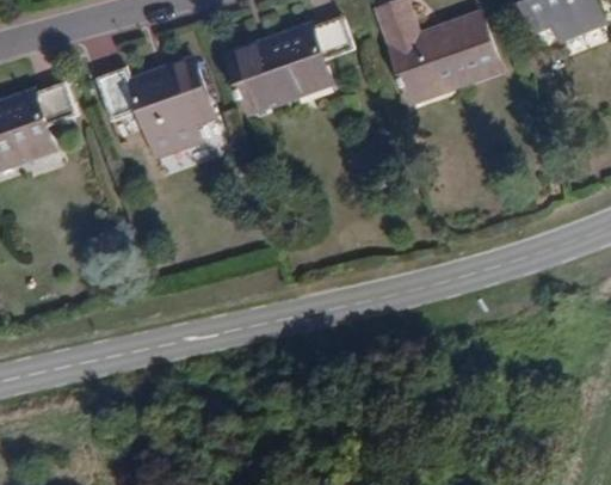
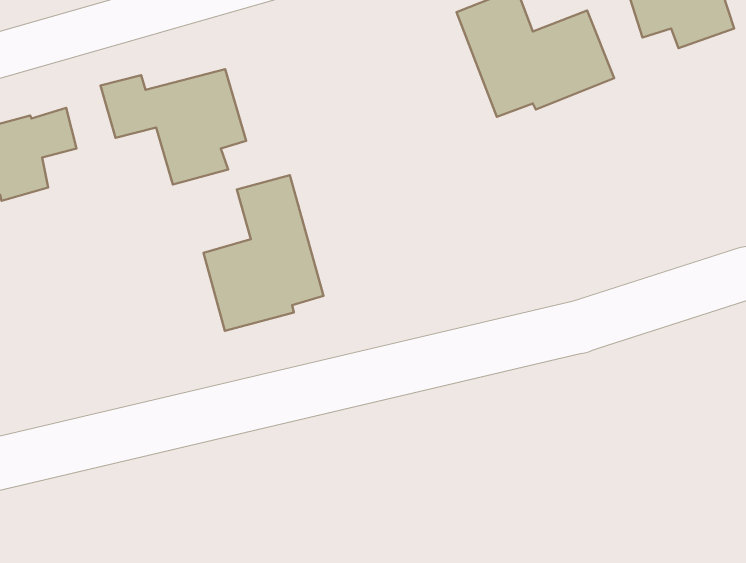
building: [228,20,352,109] -> none
building: none -> [204,175,324,331]

